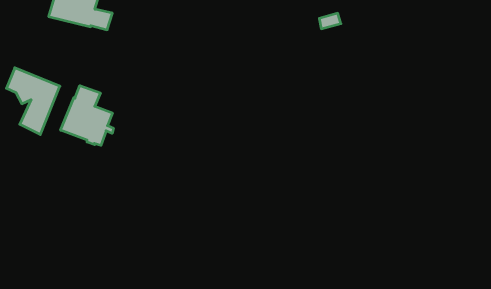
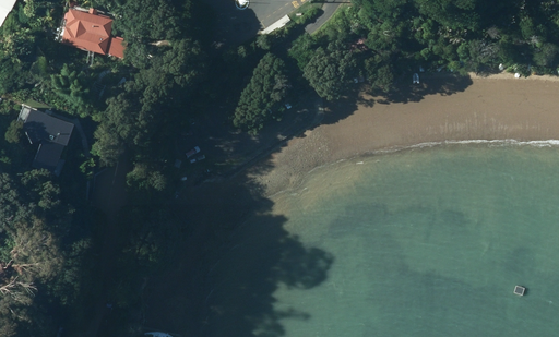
building: [61,86,113,145] -> none

